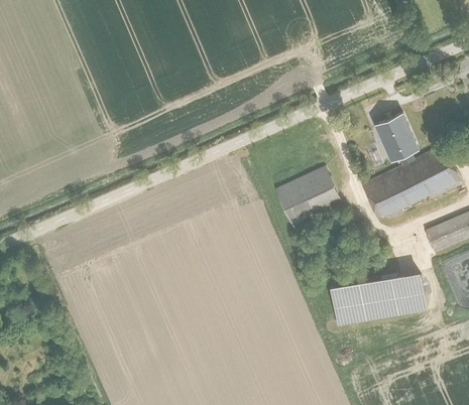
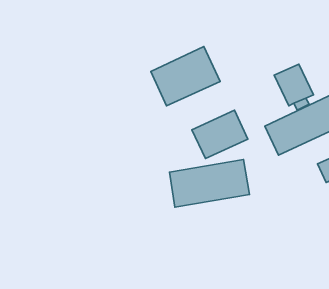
building: none -> [151,46,220,106]
building: [331,271,426,327] -> [170,160,249,207]

